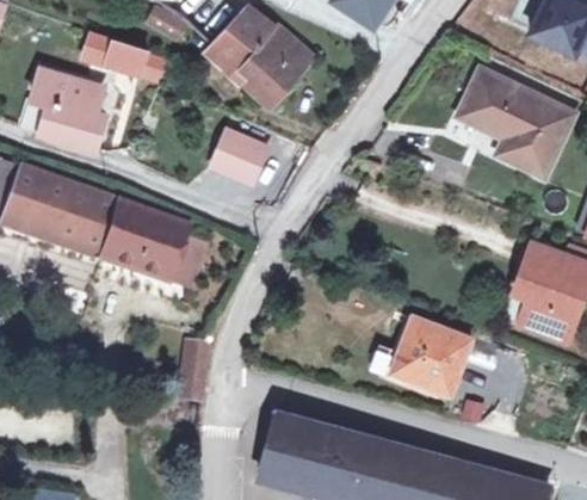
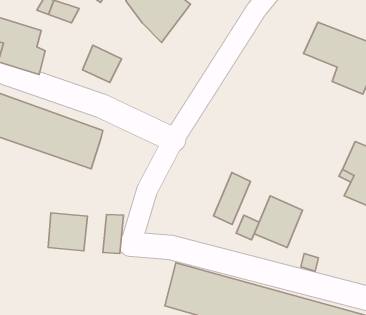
building: [214,129,268,181] -> [83,45,122,82]
building: [165,235,204,288] -> none
building: none -> [213,173,250,224]
building: none -> [48,213,87,251]

